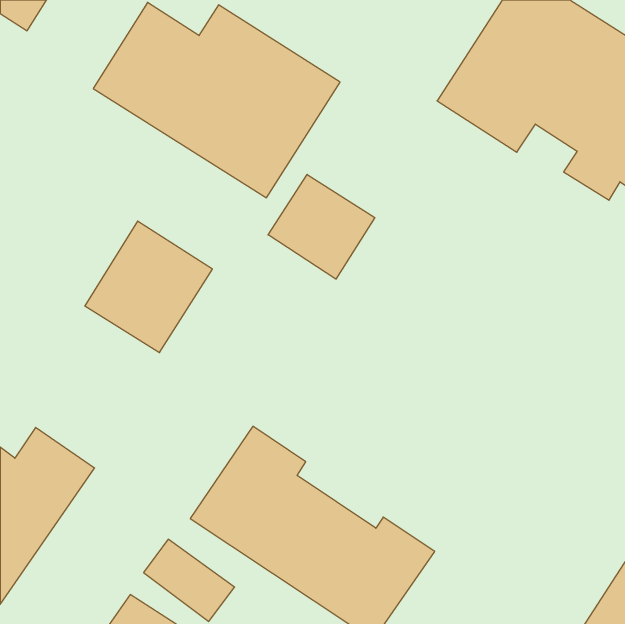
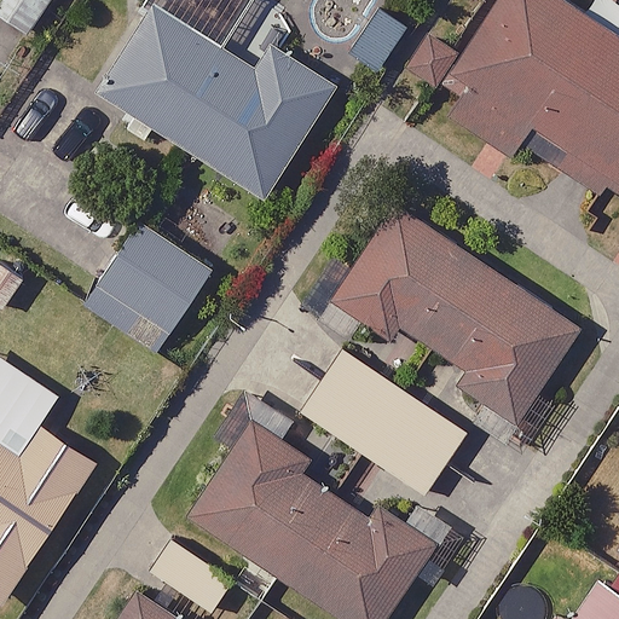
building: [268,174,375,279] -> none
building: none -> [330,209,575,422]
building: none -> [306,353,465,492]

